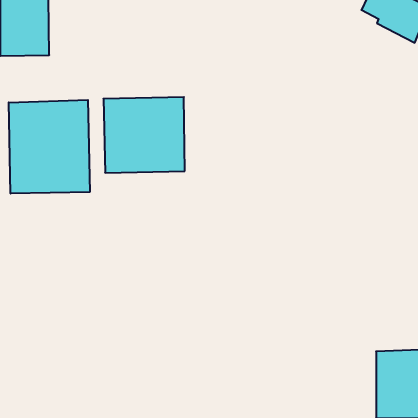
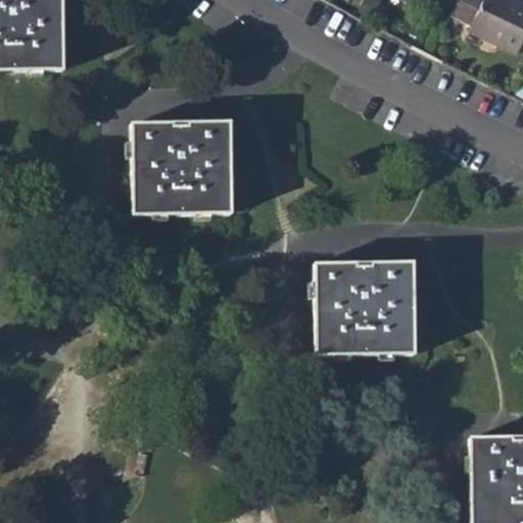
building: [9,100,90,194] -> none
building: none -> [315,262,414,354]

